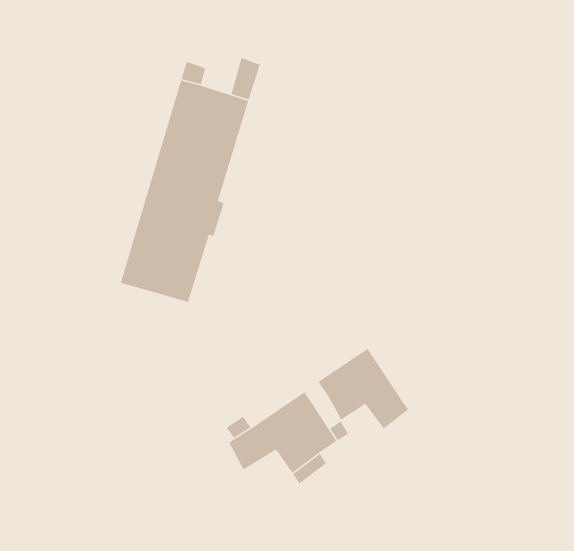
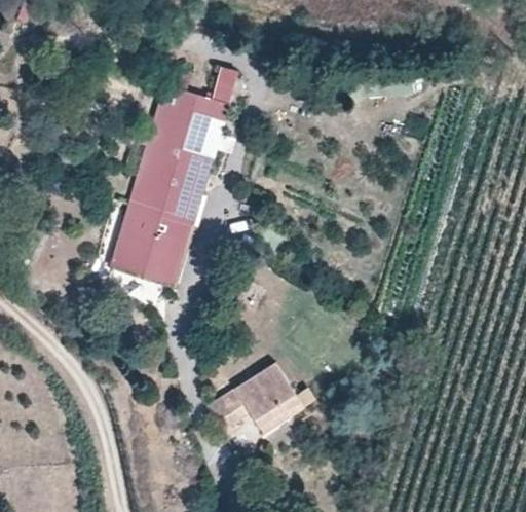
building: [318,348,409,429] -> none

